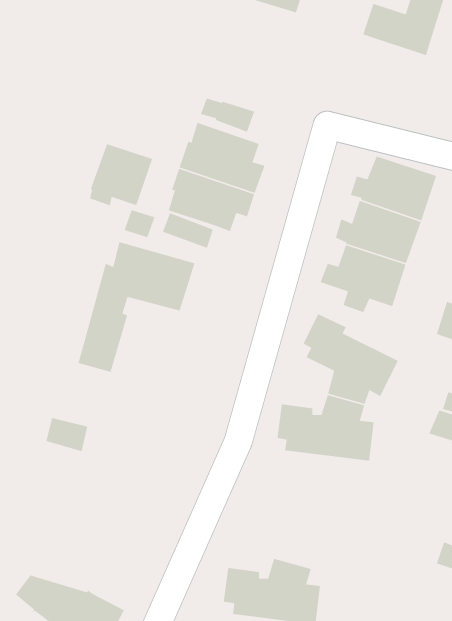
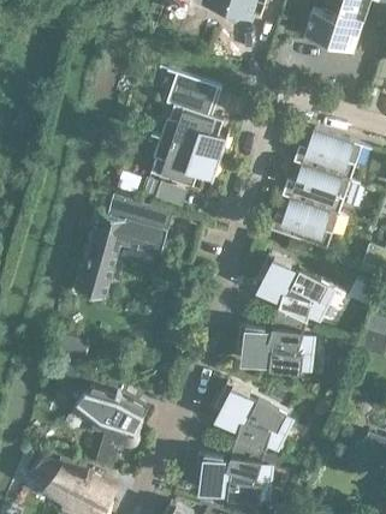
building: [89,143,153,206] -> none
building: none -> [214,383,291,455]
building: none -> [72,384,147,468]

